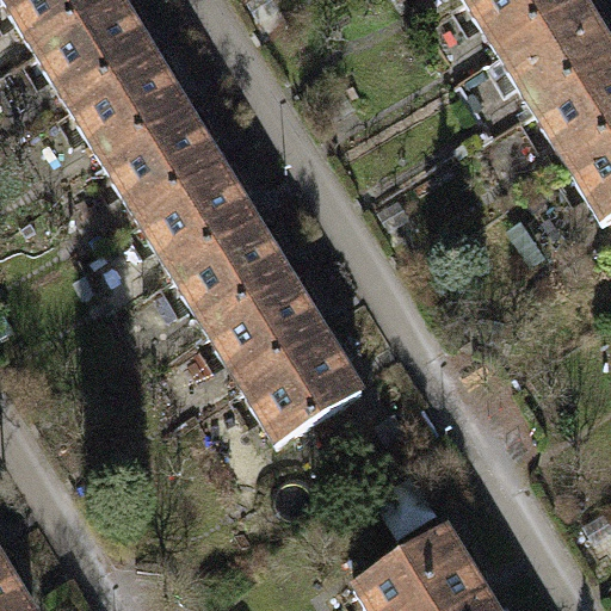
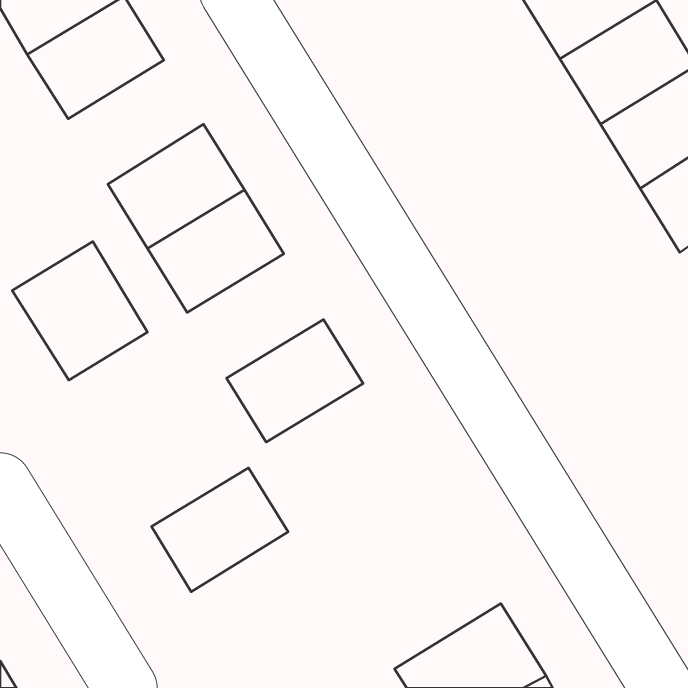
building: [68,53,186,161] -> none
building: none -> [12,242,147,380]
building: [172,222,291,331] -> none
building: [241,335,360,444] -> [152,468,288,592]

